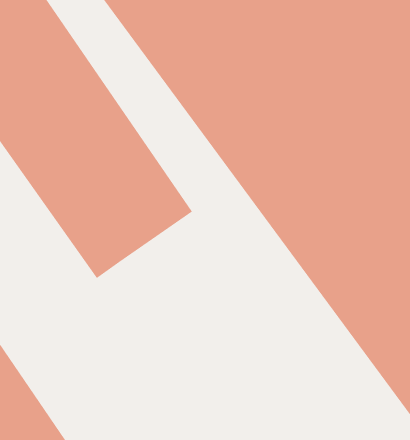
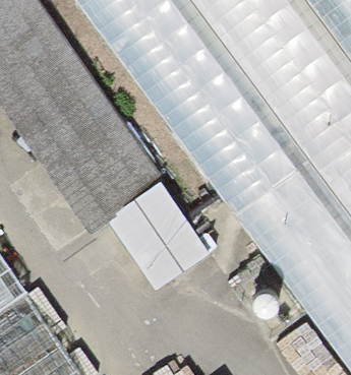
building: none -> [109,182,209,286]

